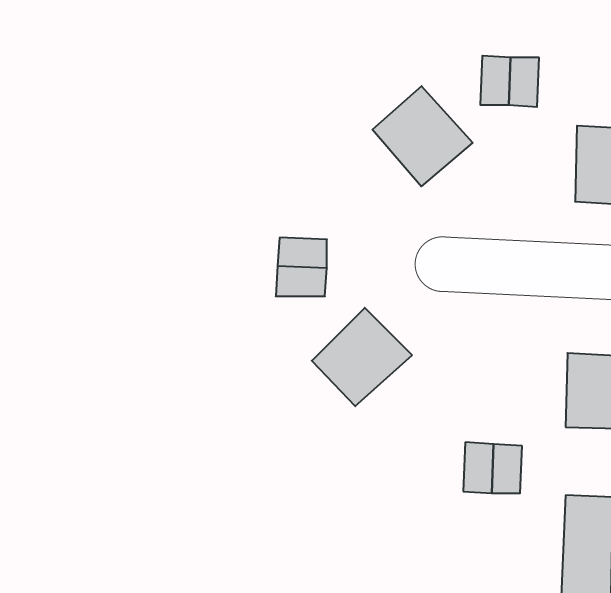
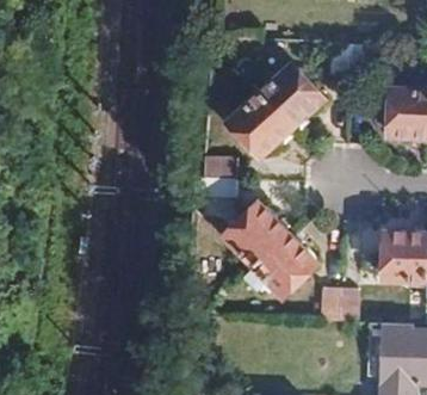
building: none -> [228,91,292,155]
building: none -> [250,233,317,297]

